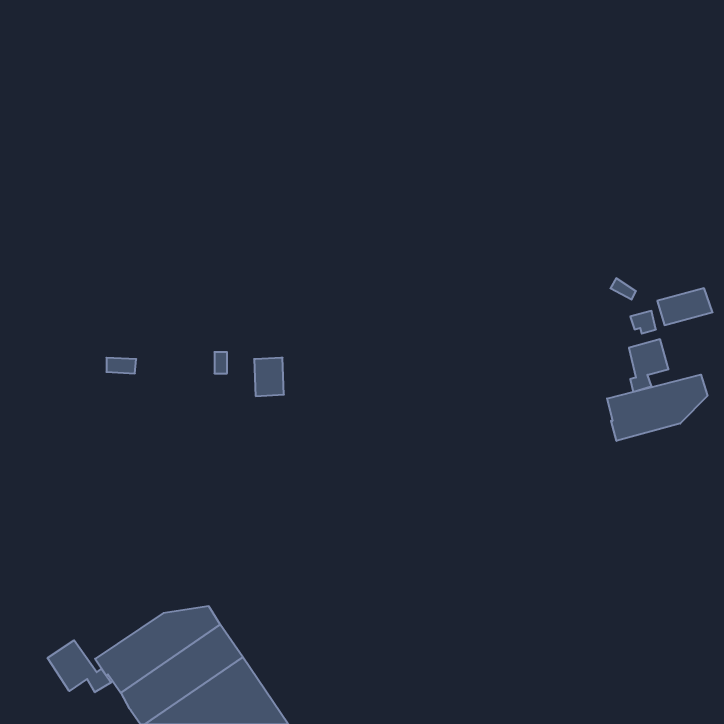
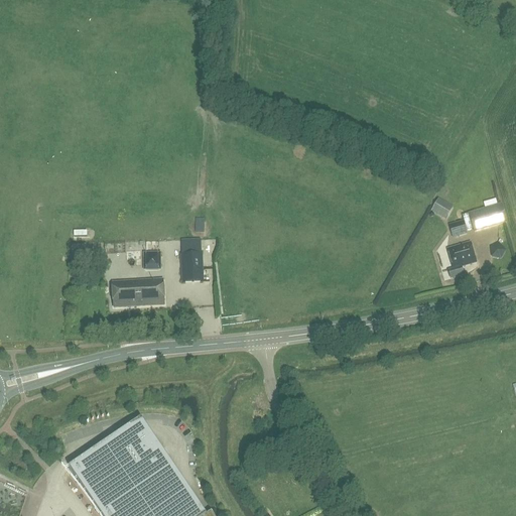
building: [607,375,707,441] -> none
building: none -> [111,279,163,307]
building: [48,640,111,692] -> none

